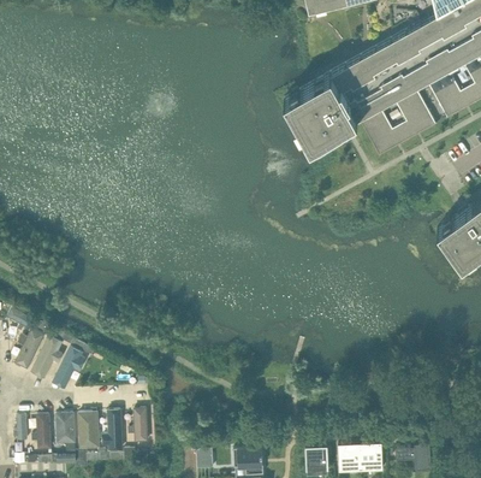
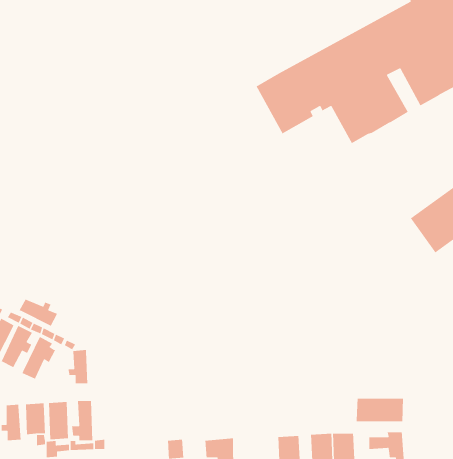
building: none -> [19,298,58,327]
building: [129,409,149,444] -> [68,349,88,384]
building: none -> [356,398,404,422]

